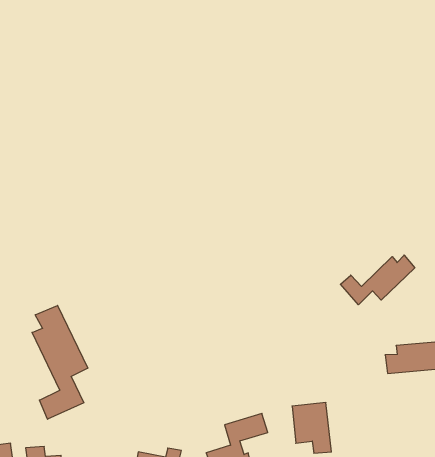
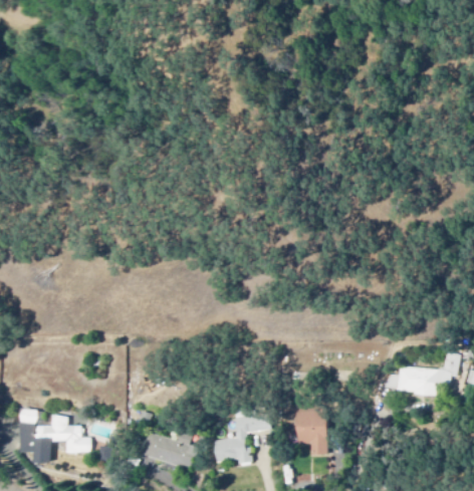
building: [340,255,415,305] -> none
building: [32,305,88,419] -> none

